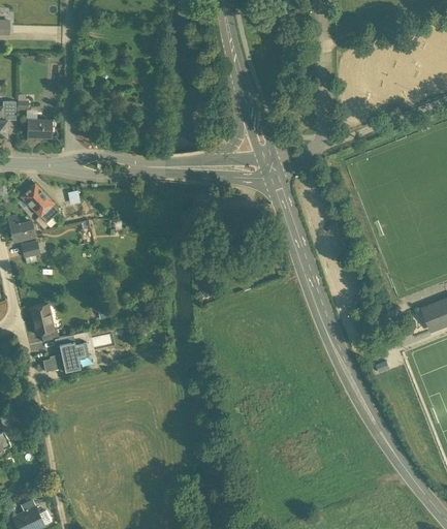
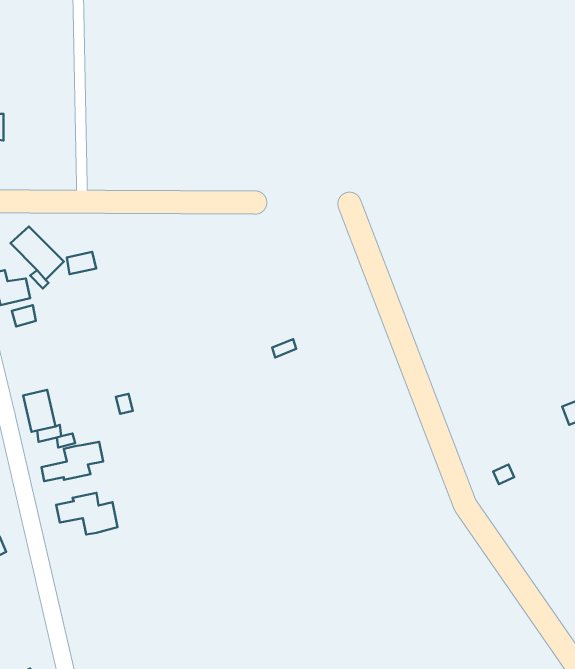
building: [26,120,52,138] -> none
building: none -> [56,493,118,534]

